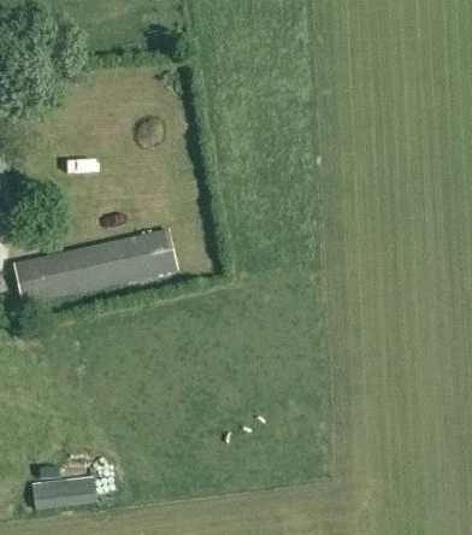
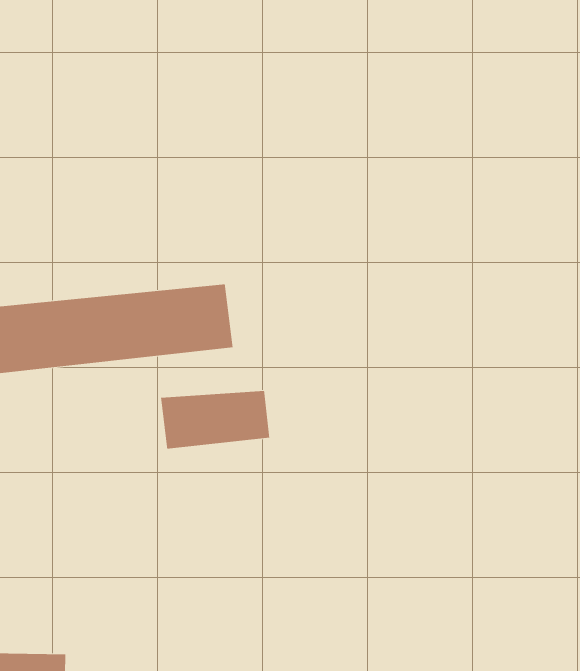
building: none -> [161,390,270,450]

